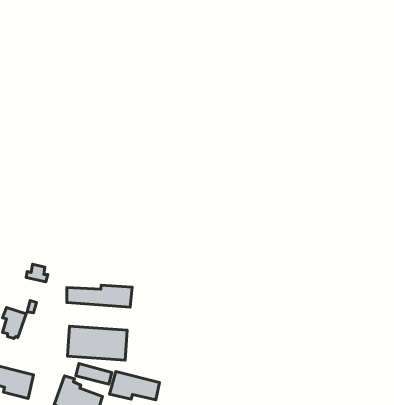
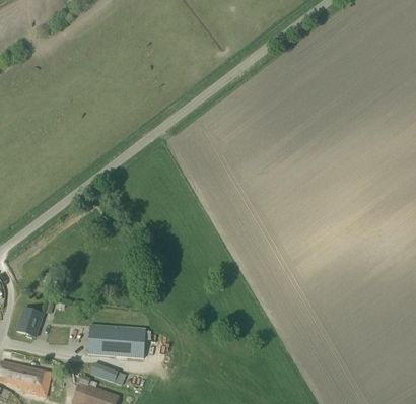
building: [67,285,132,307] -> none
building: [110,372,159,400] -> none

